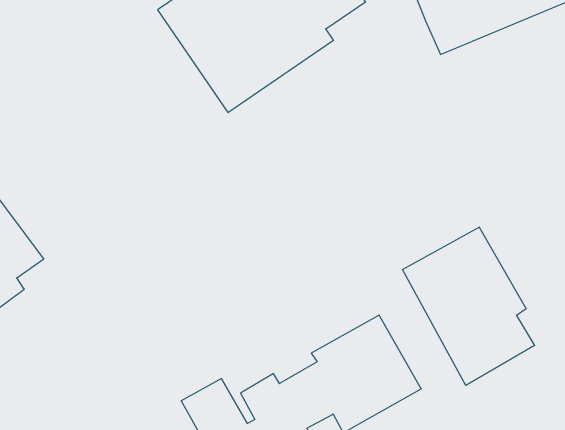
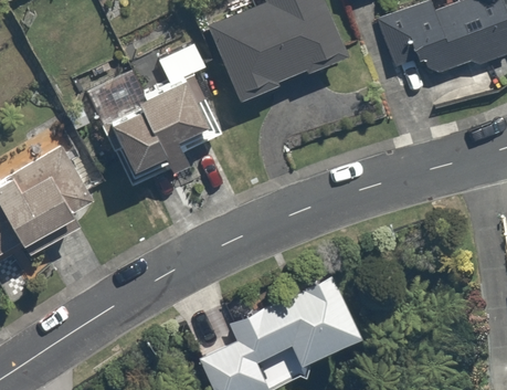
building: none -> [84,68,222,179]
building: [403,227,535,385] -> none

